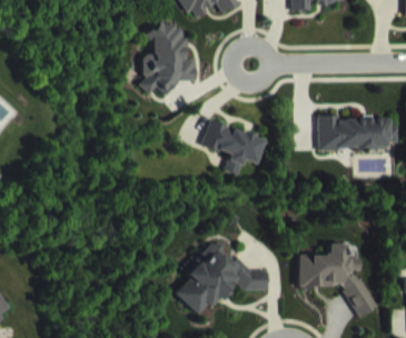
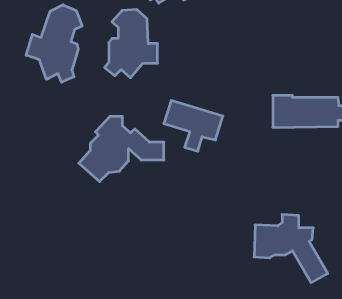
building: none -> [26,5,82,82]
building: [176,242,267,312] -> [79,116,164,182]

